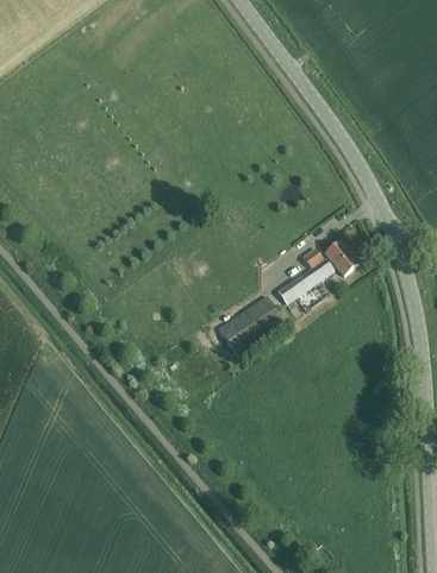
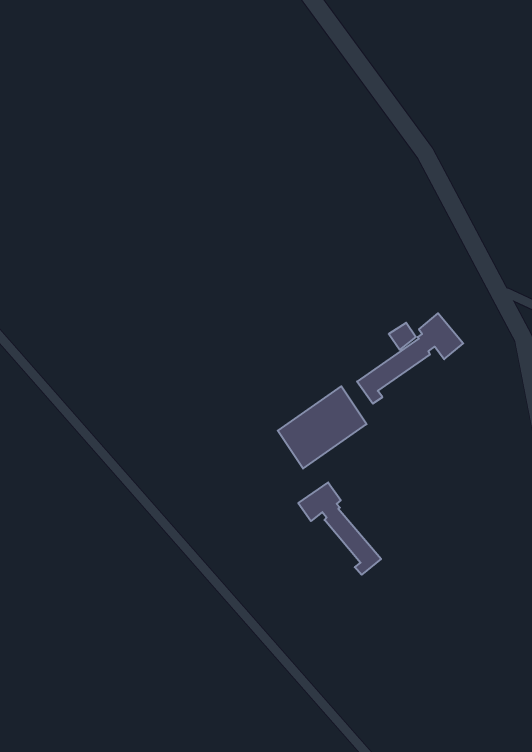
building: none -> [298,482,381,575]

